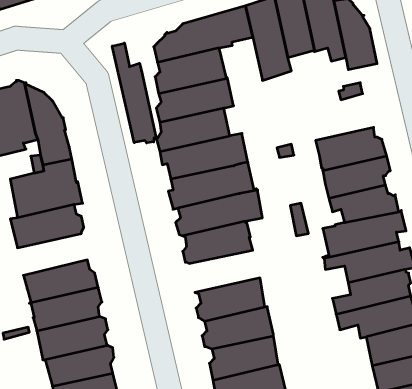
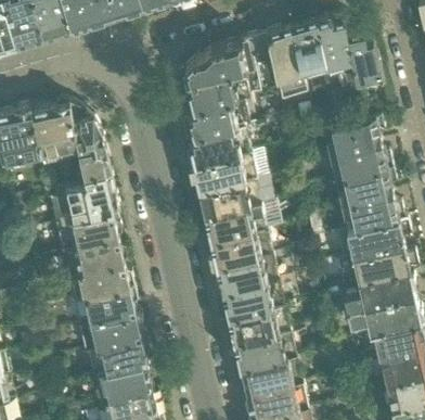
building: [112,43,156,143] -> none
building: none -> [322,118,384,157]
building: none -> [61,241,126,279]
building: none -> [215,254,293,294]

